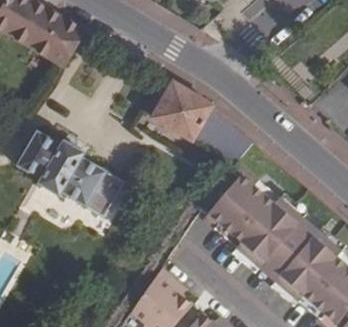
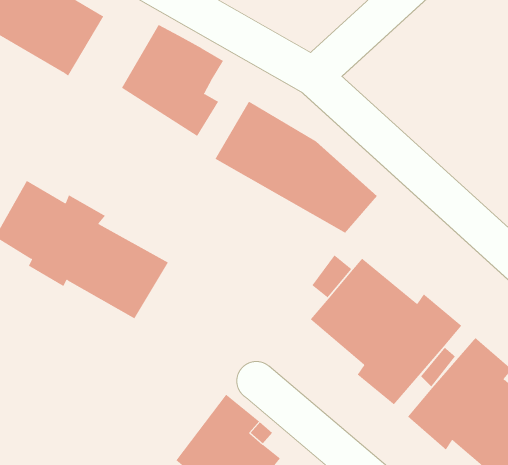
building: none -> [121,24,224,137]

